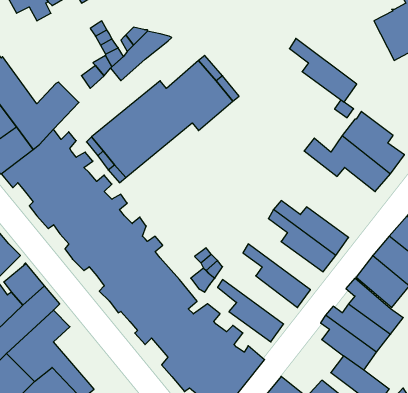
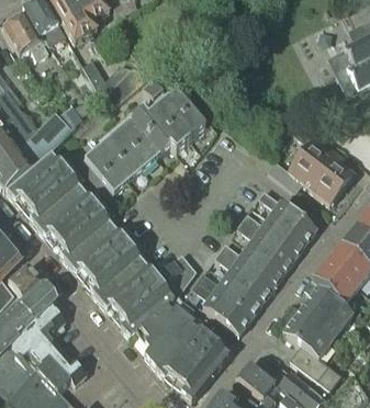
building: [289,38,357,102] -> [259,188,317,242]
building: none -> [220,240,284,287]
building: none -> [198,270,262,317]

